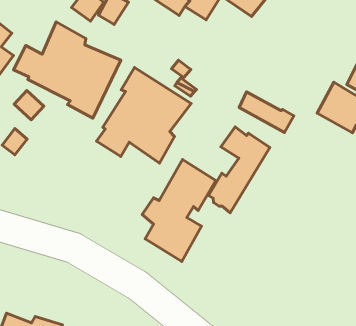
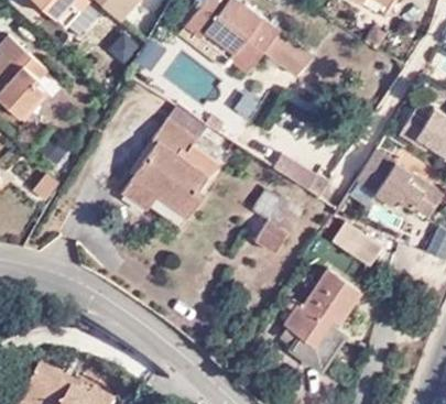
building: [14,22,121,118] -> none
building: none -> [335,225,383,267]
building: [142,160,216,261] -> [284,270,363,375]

